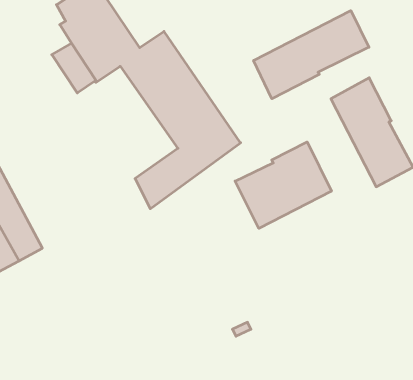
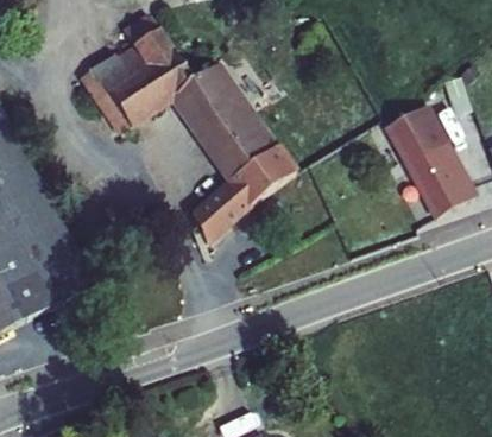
building: [254,11,369,99] -> none
building: [235,142,331,228] -> none

